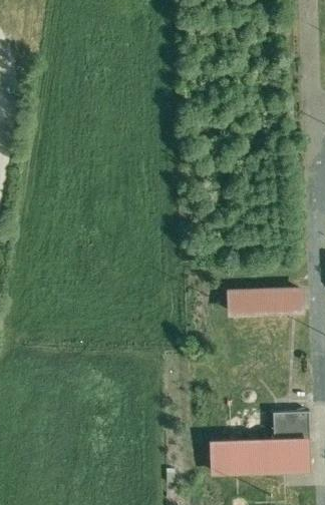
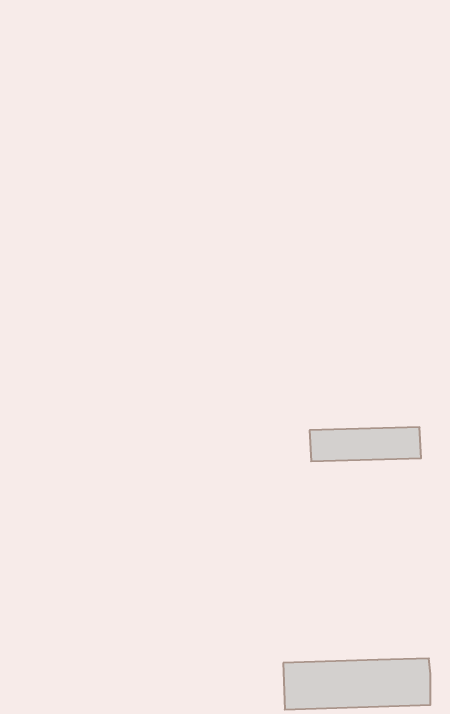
building: [271,412,309,450] -> none

